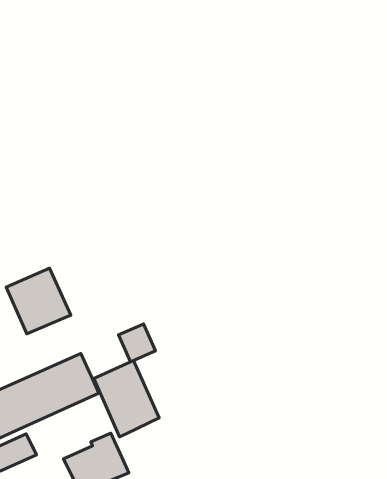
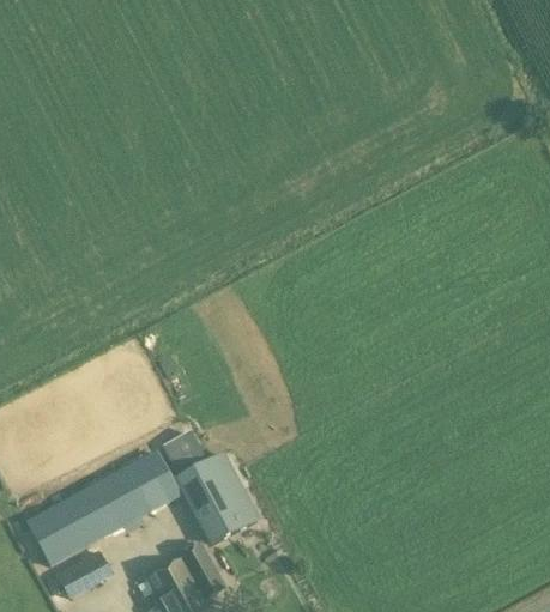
building: [6,268,71,334] -> none
building: [119,324,156,362] -> [162,428,207,474]

